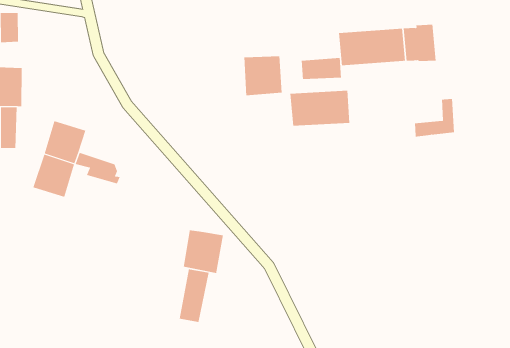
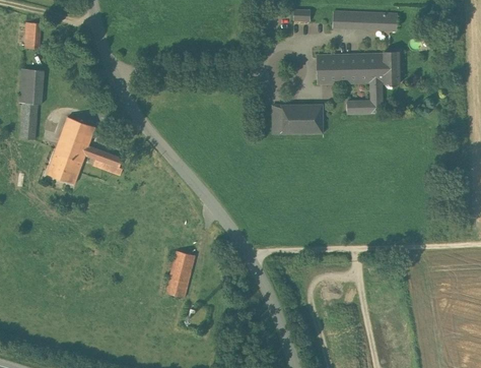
building: [244,55,282,96] -> none
building: [301,57,341,80] -> none
building: [414,99,455,137] -> [347,80,382,112]
building: [183,229,224,274] -> none

